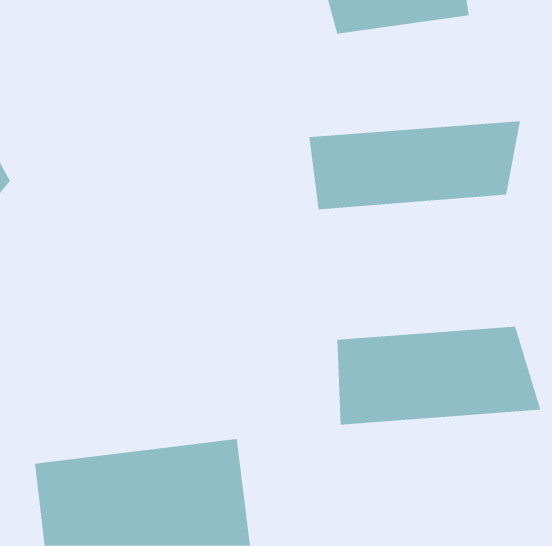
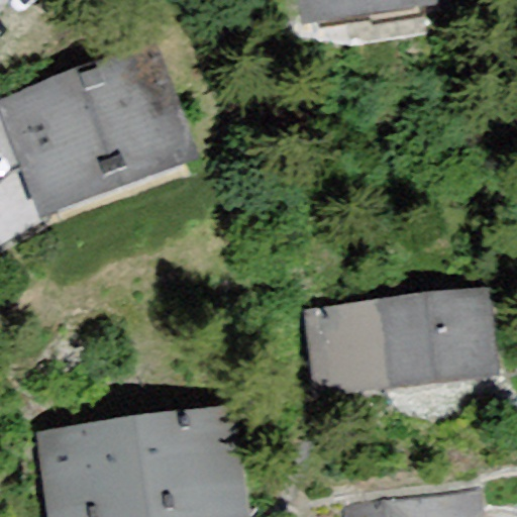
building: none -> [4,66,199,224]
building: [309,120,520,210] -> none

